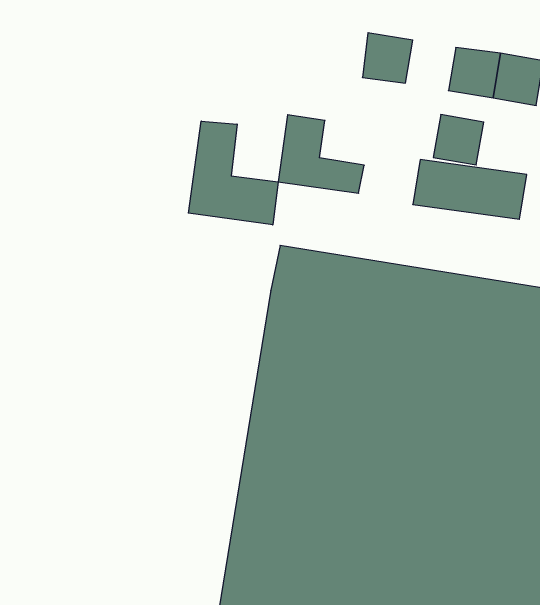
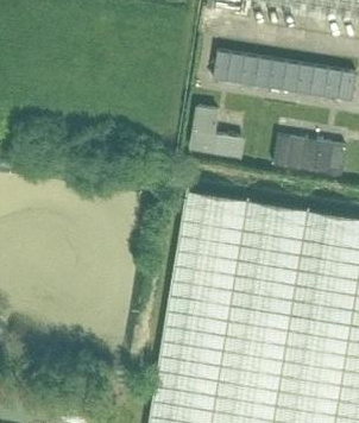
building: none -> [213,49,245,82]
building: [433,115,484,165] -> [269,58,301,90]
building: [188,121,278,225] -> none

